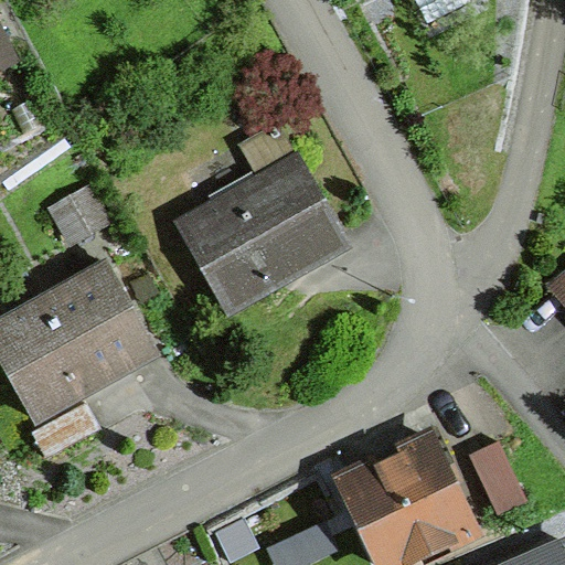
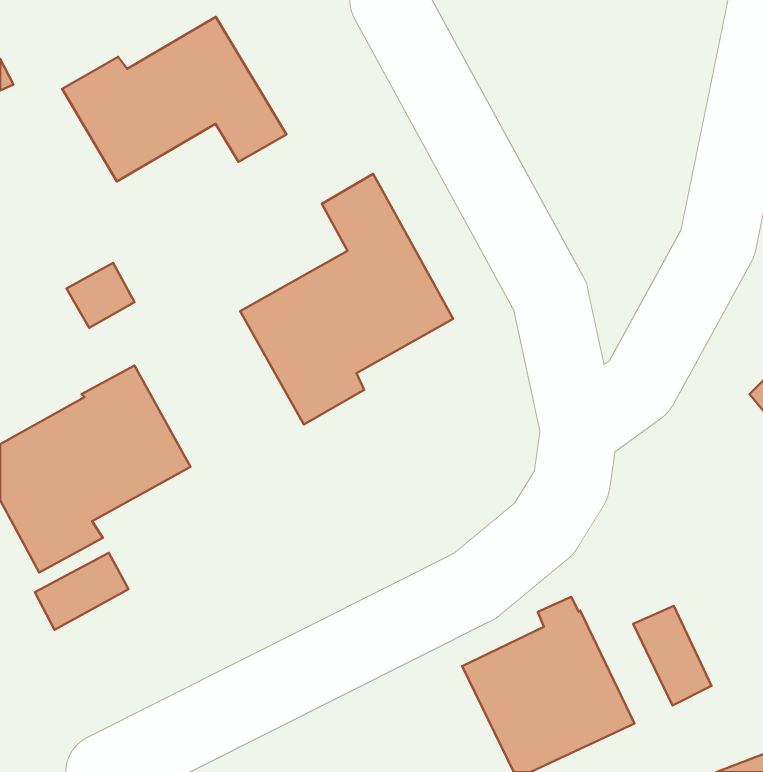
building: none -> [62,17,287,182]

